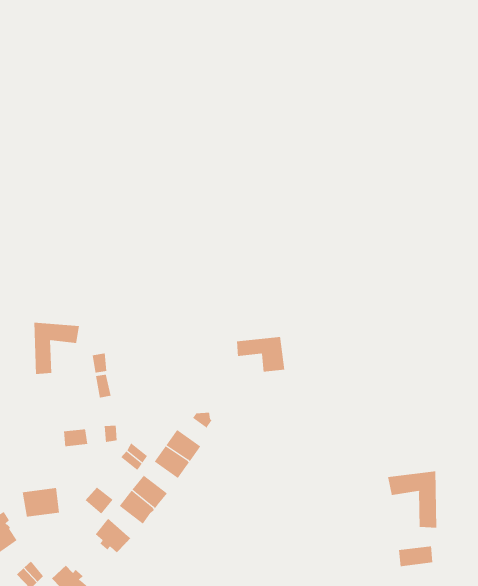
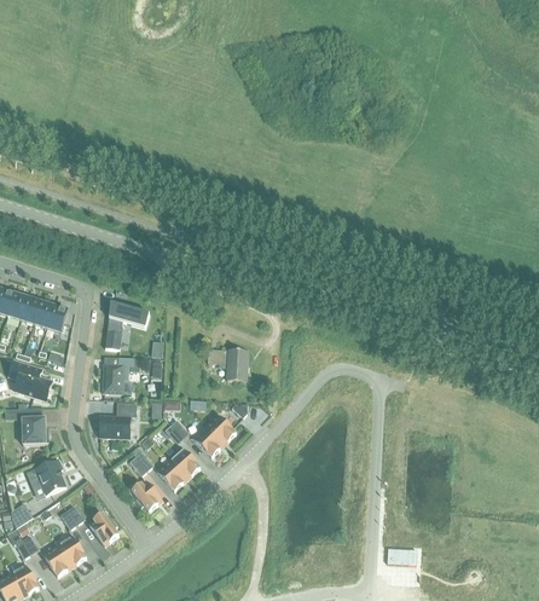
building: [236,336,285,372] -> [207,349,247,381]
building: none -> [102,358,139,394]
building: [388,470,437,528] -> none
building: [22,488,60,517] -> [99,416,129,439]

